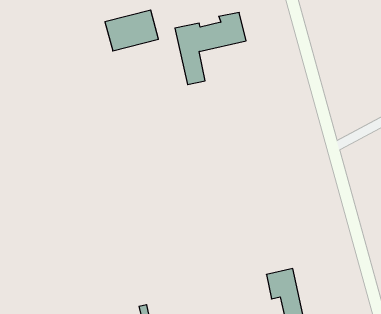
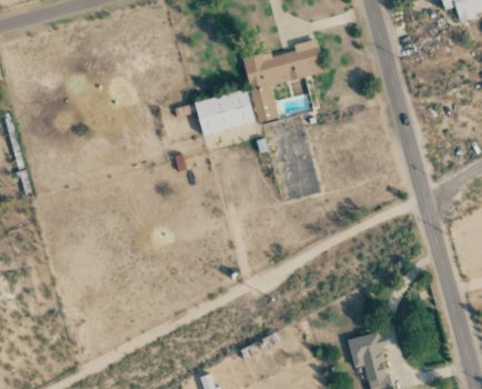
building: [105,10,158,51] -> [194,89,255,136]

